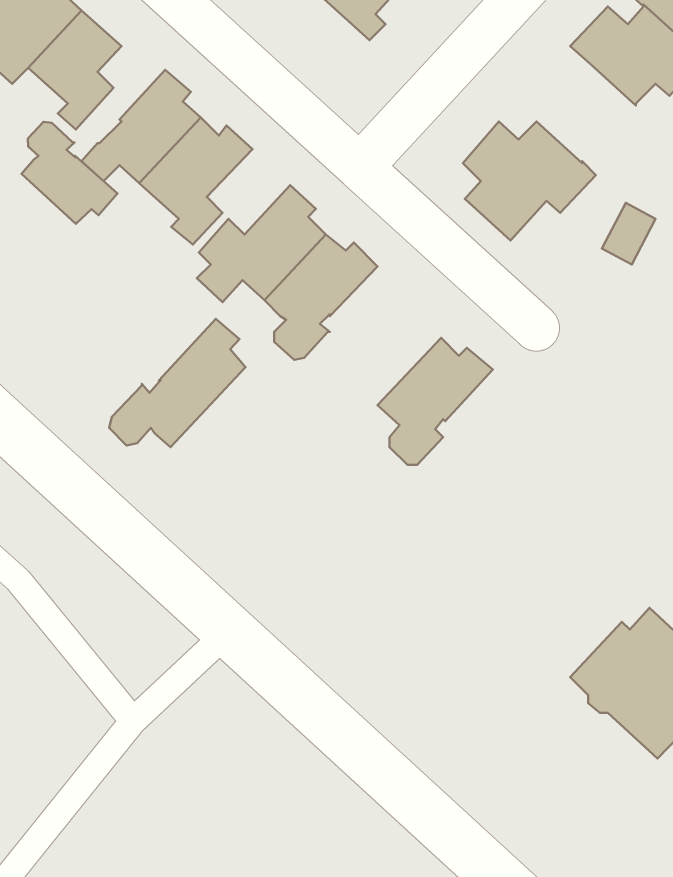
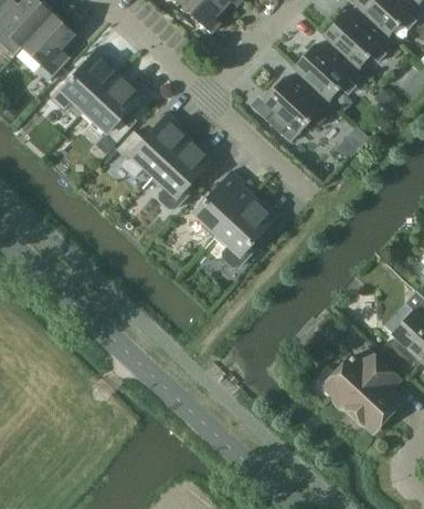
building: none -> [293,44,367,100]
building: [21,122,117,224] -> none
building: none -> [192,170,251,235]
building: [109,319,246,447] -> none

